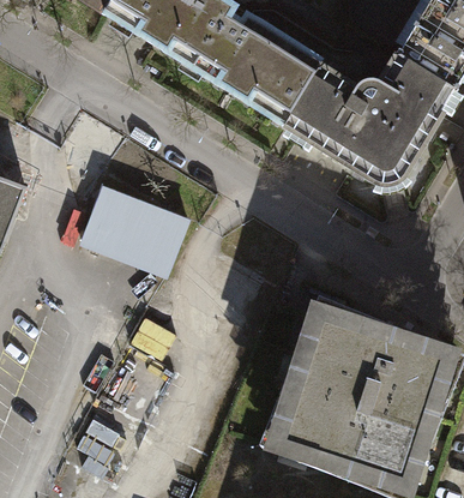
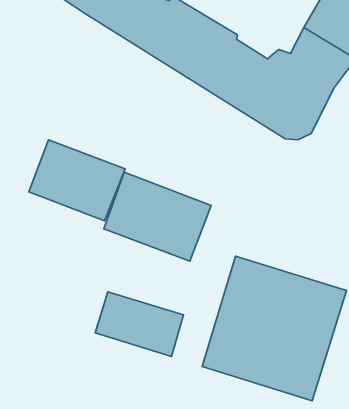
building: none -> [104,172,211,261]
building: none -> [95,292,183,357]

